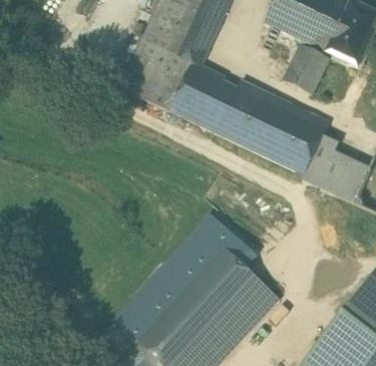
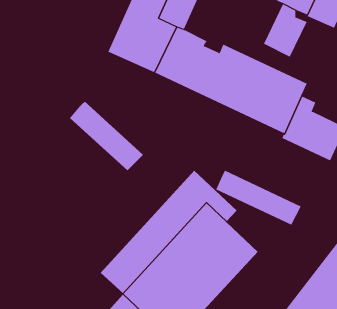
building: none -> [69,101,144,171]
building: none -> [215,170,302,225]

